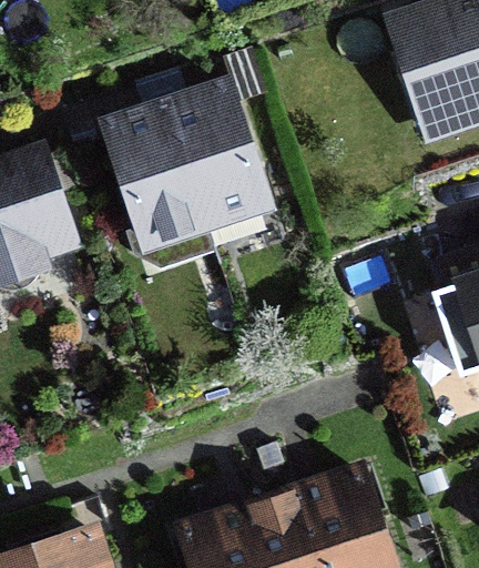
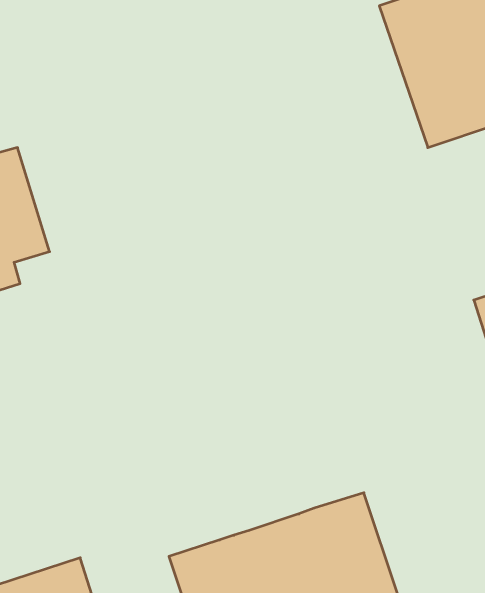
building: [106,83,272,248] -> none

